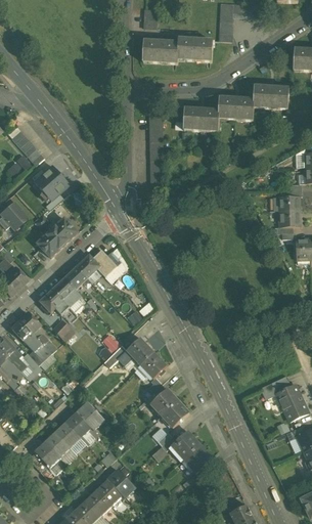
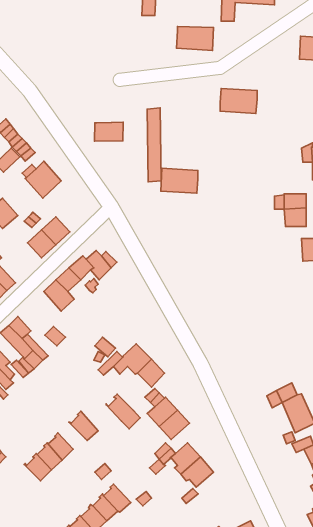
building: [142,41,178,63] -> none
building: [253,86,288,110] -> none
building: [183,108,218,132] -> [161,168,198,193]
building: none -> [95,122,123,141]
building: [39,289,69,314] -> none
building: [65,411,97,444] -> [106,394,140,429]

